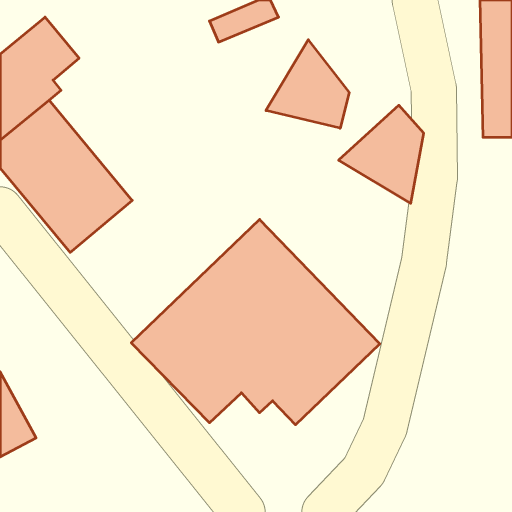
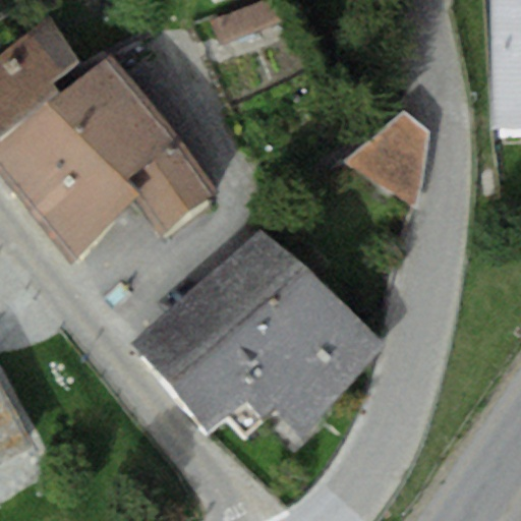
building: [266,40,349,128] -> none
building: none -> [50,53,221,236]

